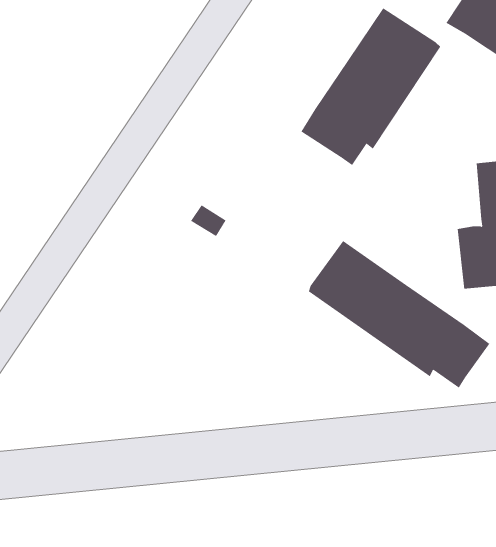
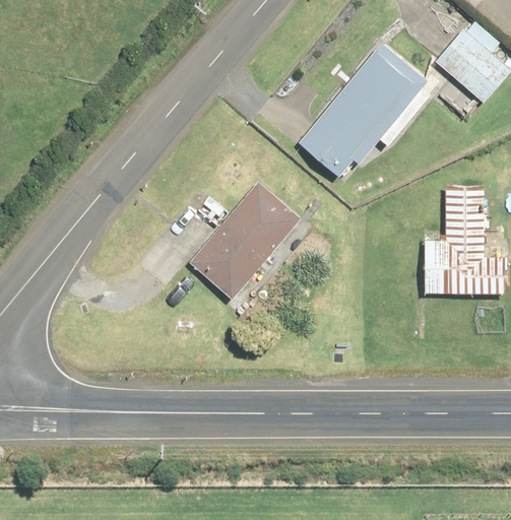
building: none -> [188,181,302,300]
building: [308,240,490,388] -> none

